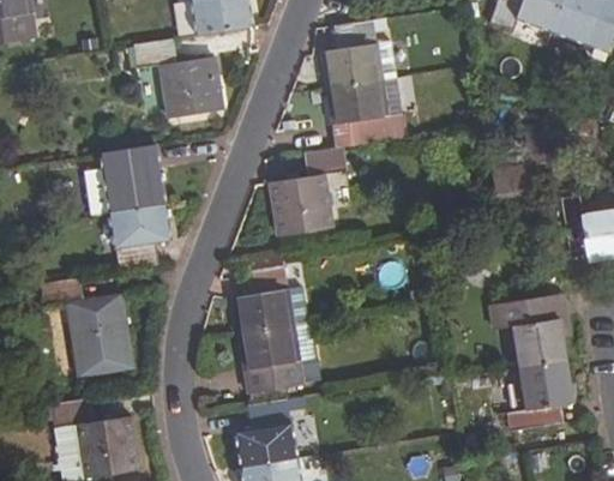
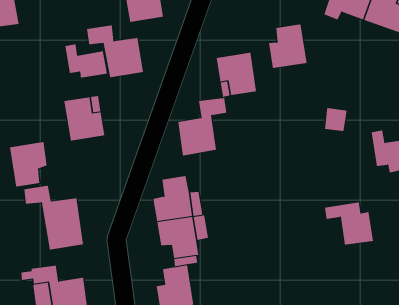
building: [323,19,381,86] -> [268,24,307,69]
building: none -> [65,43,108,79]
building: [110,203,168,271] -> [9,142,48,187]
building: [506,361,571,429] -> none

